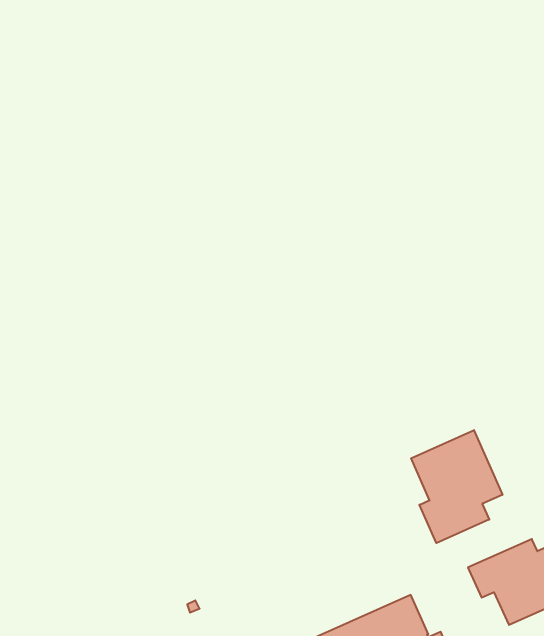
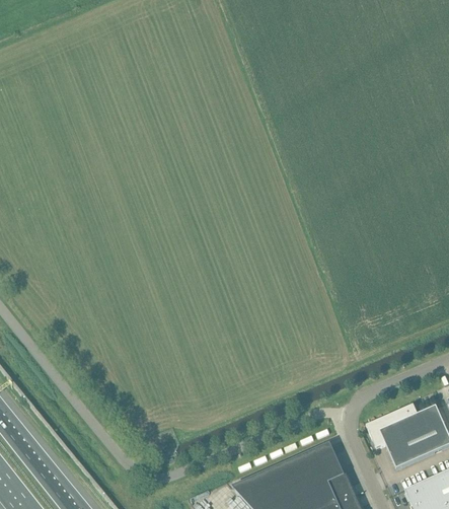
building: [411,430,502,543] -> none

